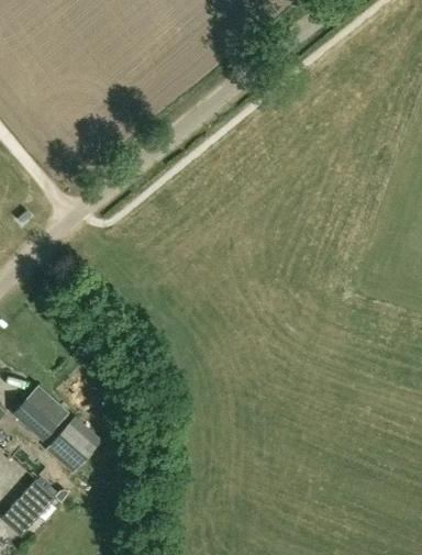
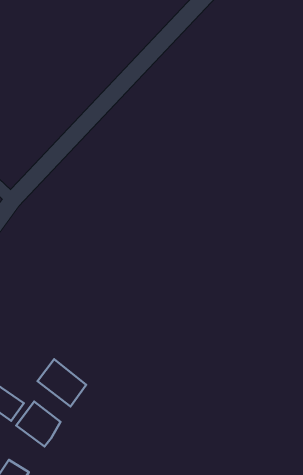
building: none -> [37,359,86,406]

